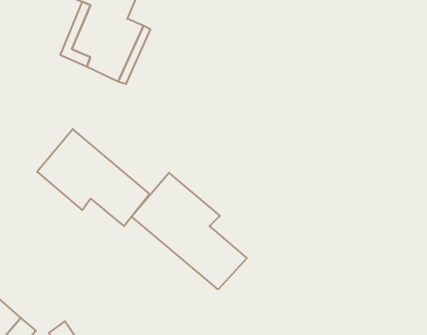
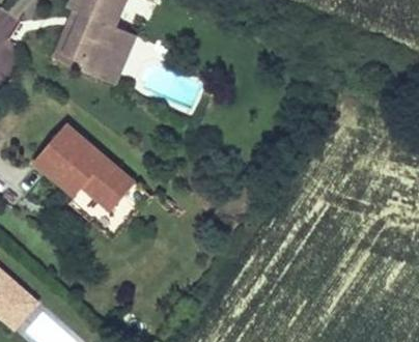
building: [132,173,247,289] -> none

